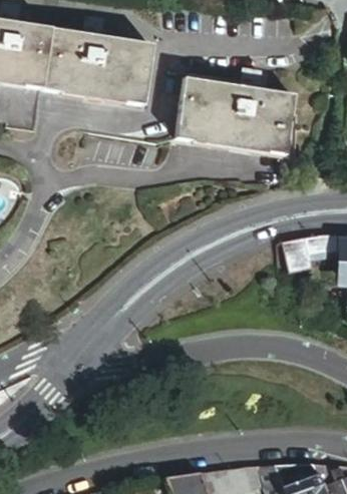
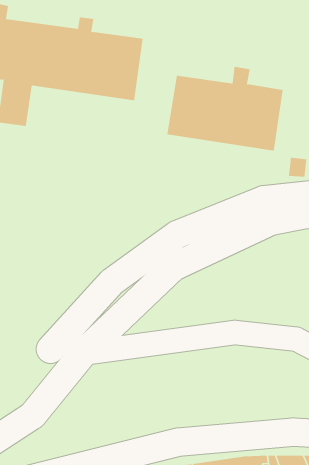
building: [284,236,314,273] -> none

